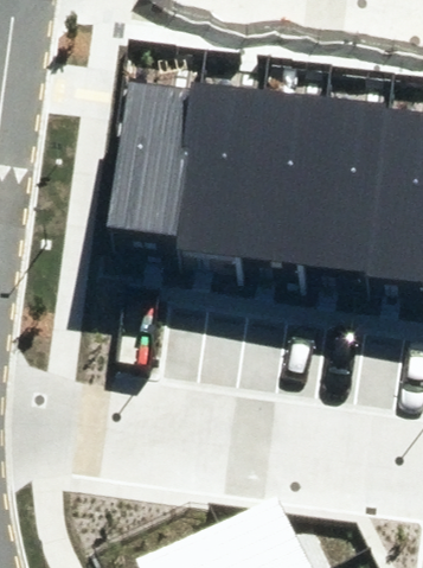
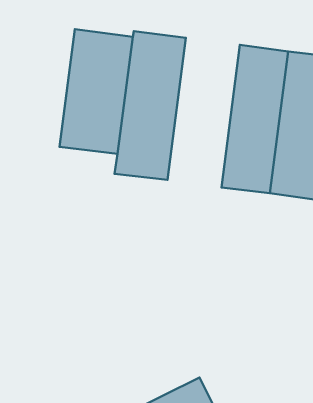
building: [243,89,332,273] -> none

